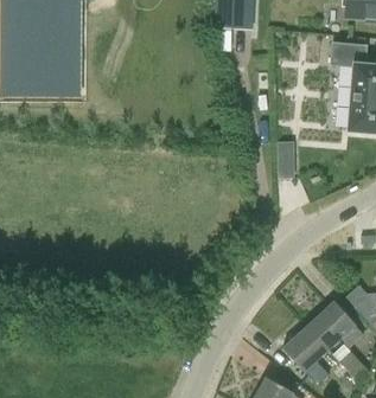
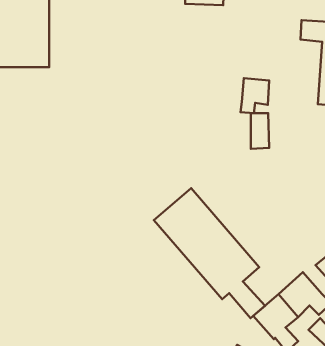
building: none -> [240,78,269,113]
building: none -> [154,188,265,318]

